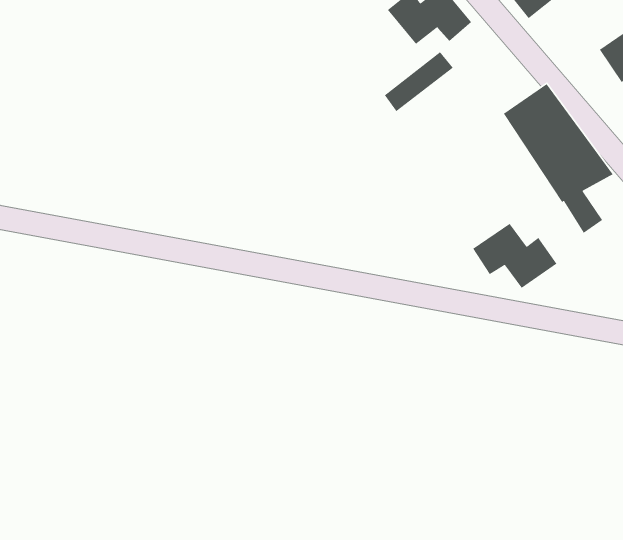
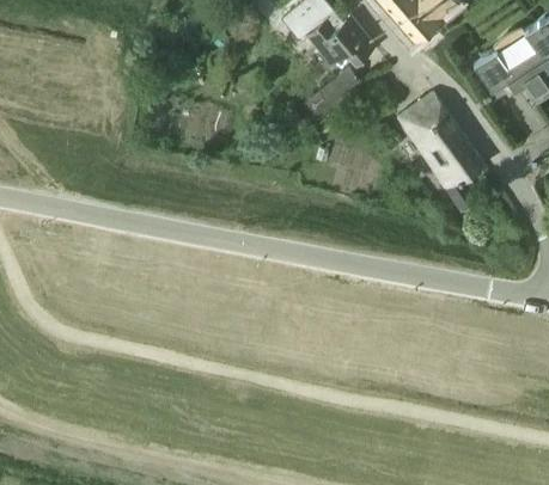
building: [472,223,557,289] -> none

